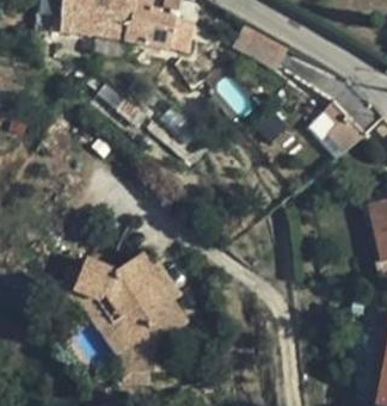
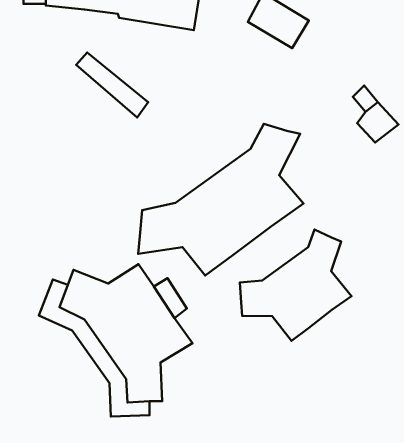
building: none -> [138,124,303,275]
building: none -> [240,229,352,341]

